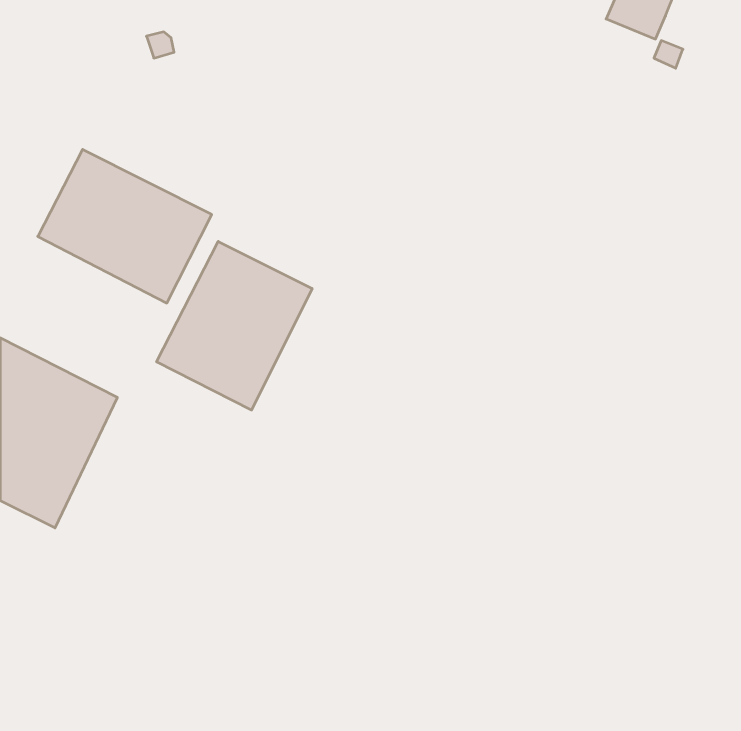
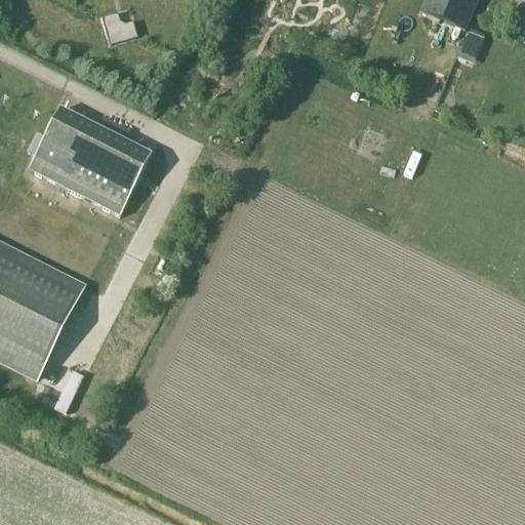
building: [157,241,312,410] -> none

